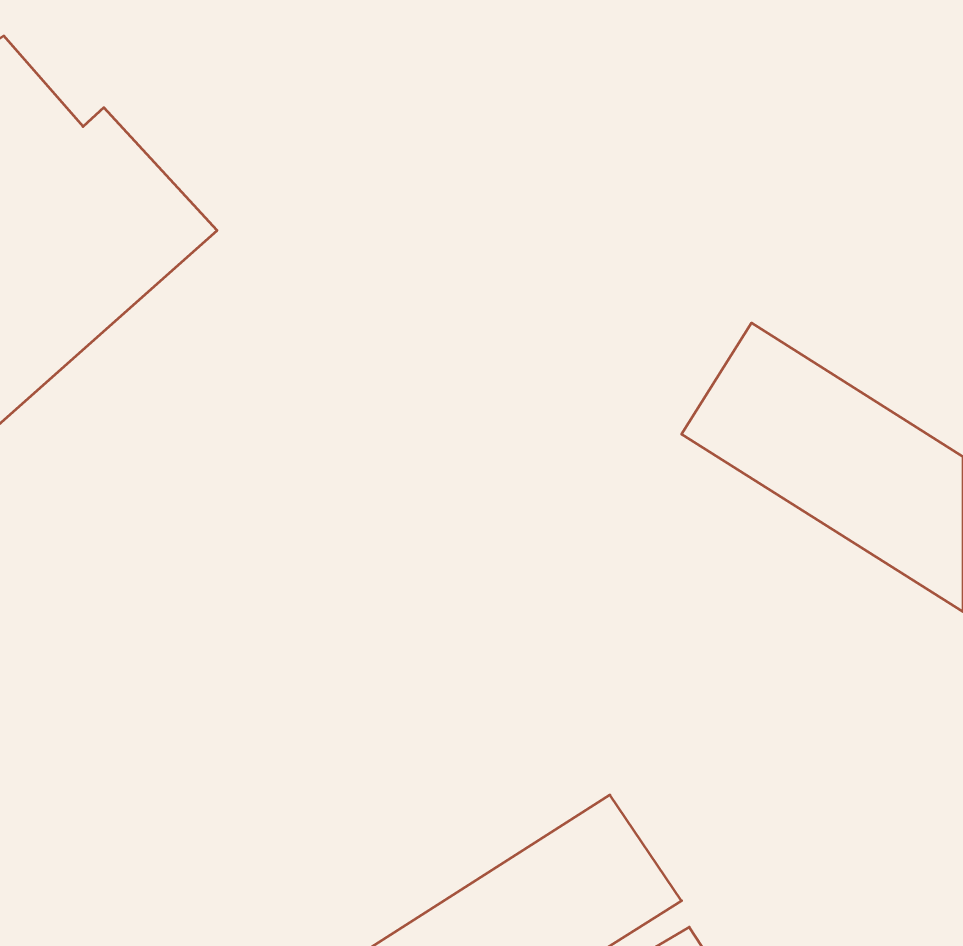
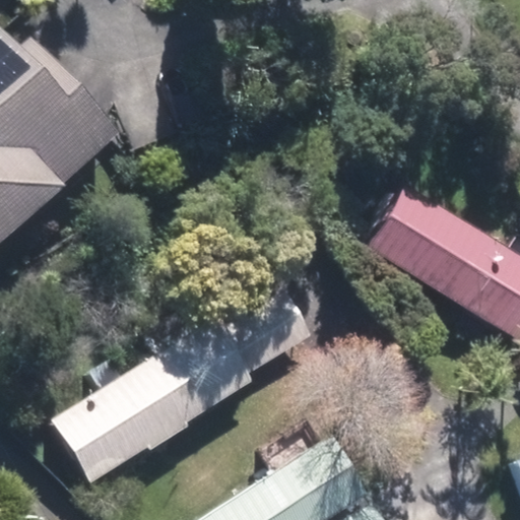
building: none -> [51,297,310,484]

